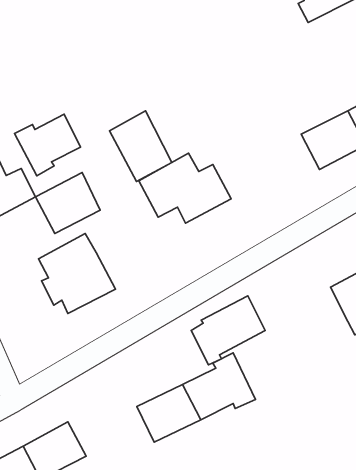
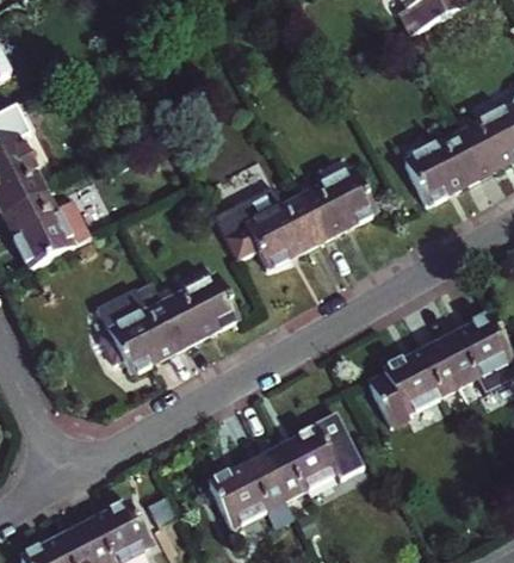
building: [109,111,172,182] -> none
building: [15,114,81,176] -> none
building: none -> [298,168,373,237]
building: [35,173,100,233] -> [161,272,237,344]
building: [191,296,265,365] -> [370,341,457,422]

